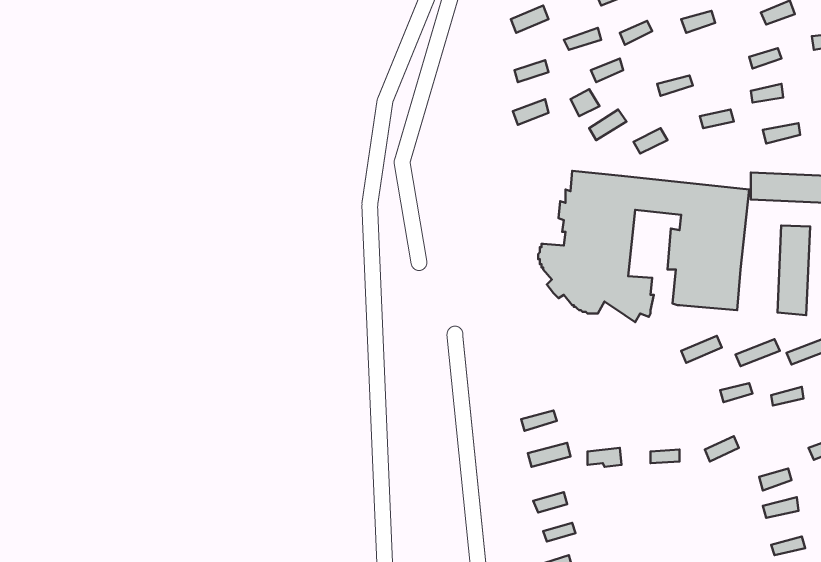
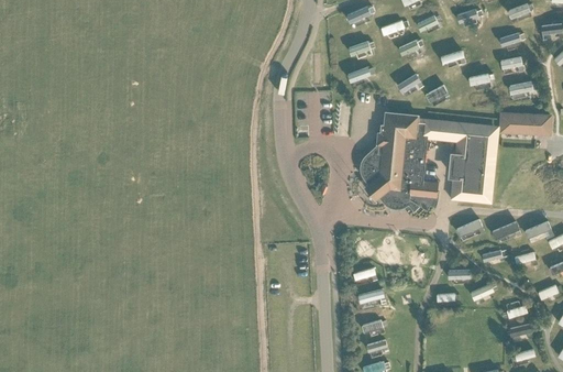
building: [777,226,810,315] -> none

